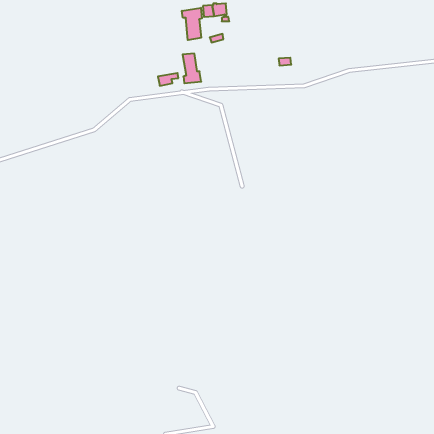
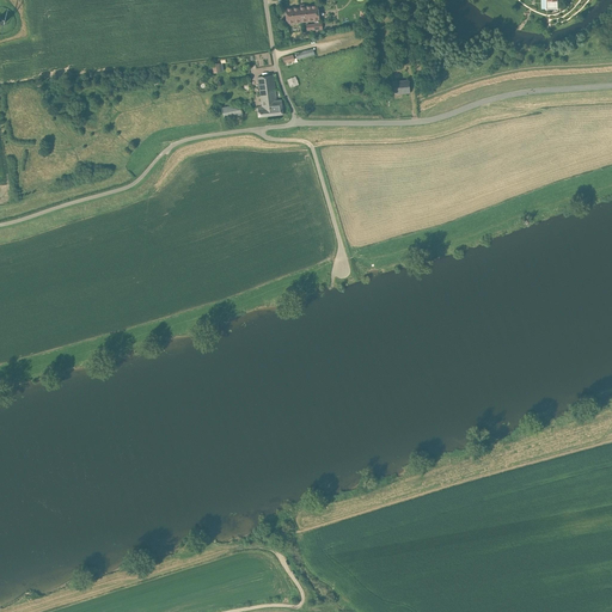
building: [182,8,202,40] -> none

